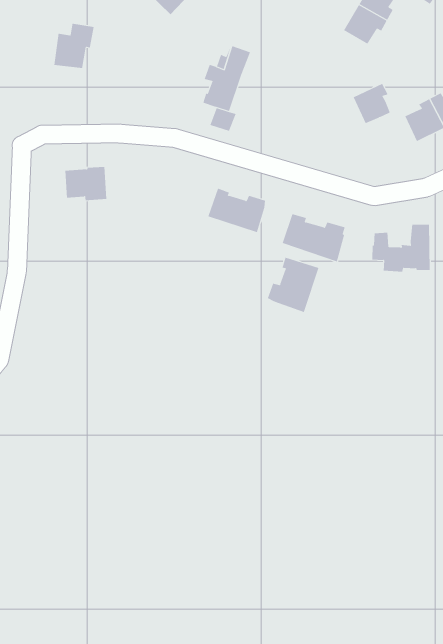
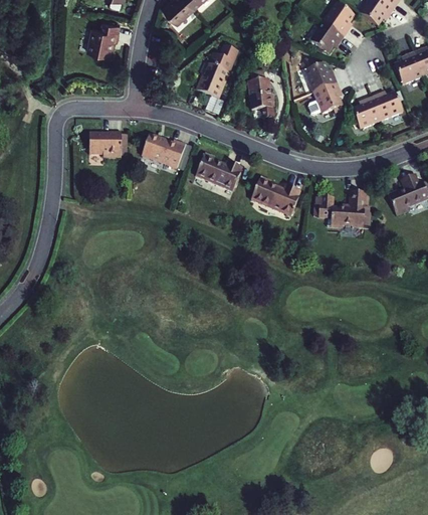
building: none -> [304,60,337,92]
building: none -> [248,79,274,119]
building: none -> [144,133,186,167]
building: [267,257,319,313] -> none

